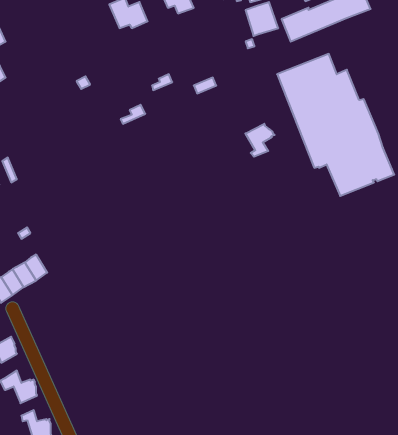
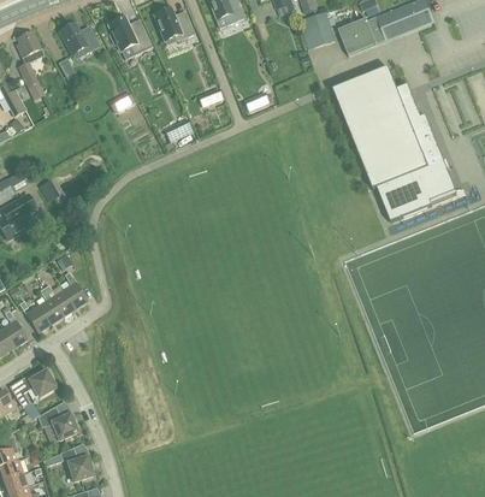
building: none -> [107,16,150,51]
building: none -> [58,20,97,52]
building: [245,124,275,157] -> none

